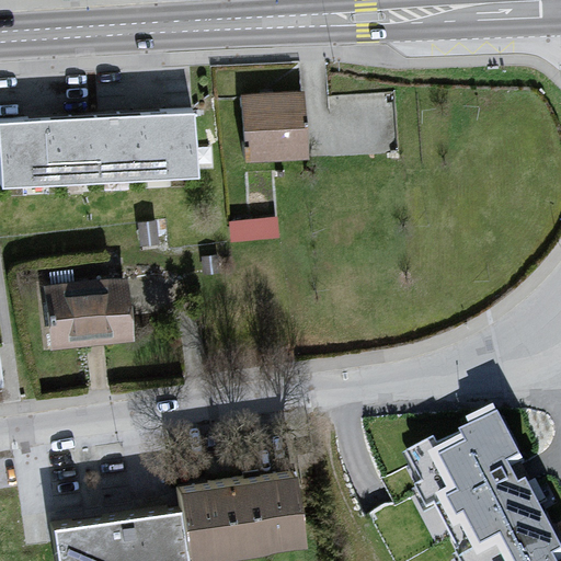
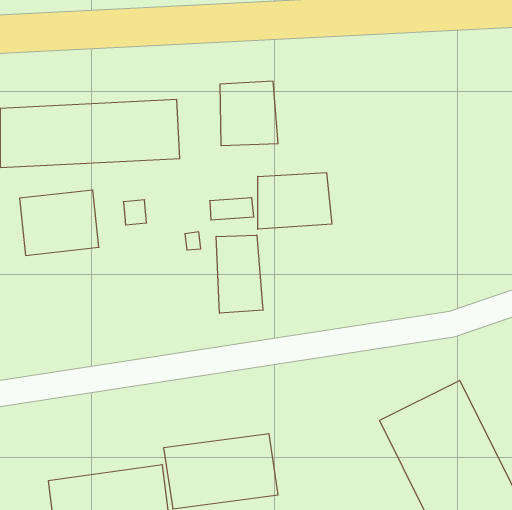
building: none -> [258,173,332,229]
building: none -> [216,235,263,313]
building: [46,279,133,351] -> [20,190,99,255]

